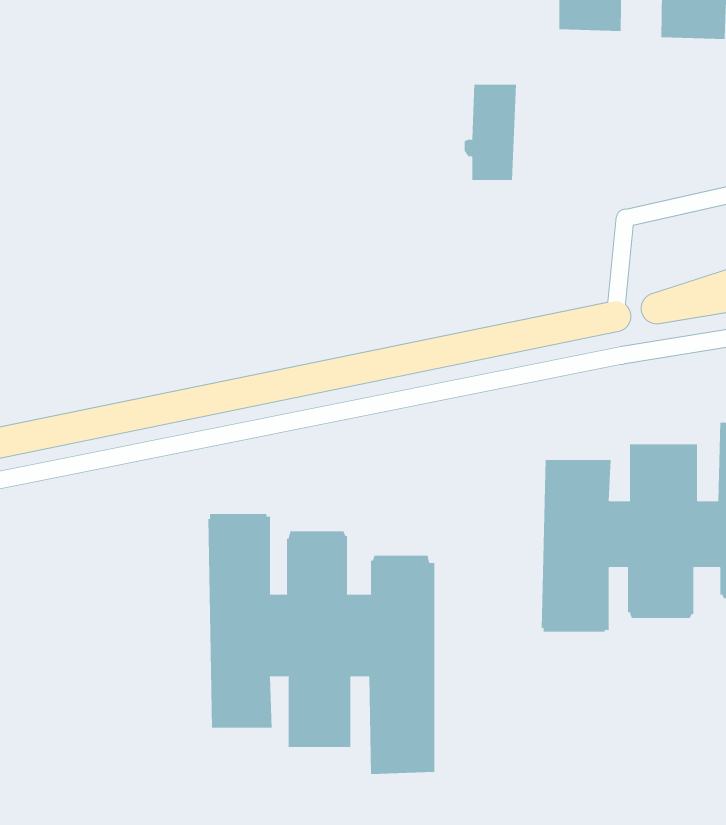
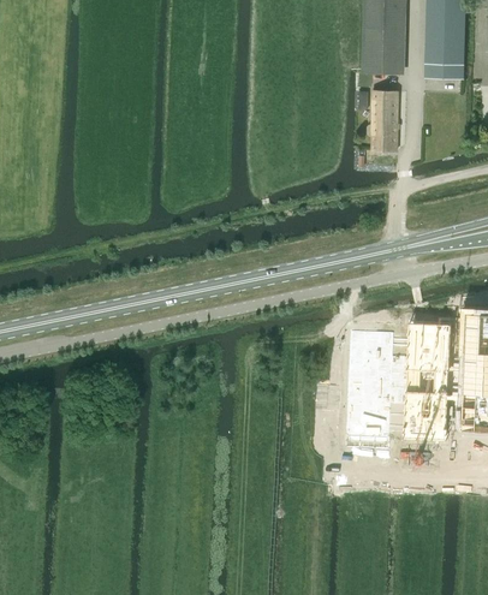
building: [464,84,517,180] -> [368,90,400,149]
building: [208,513,435,775] -> none

